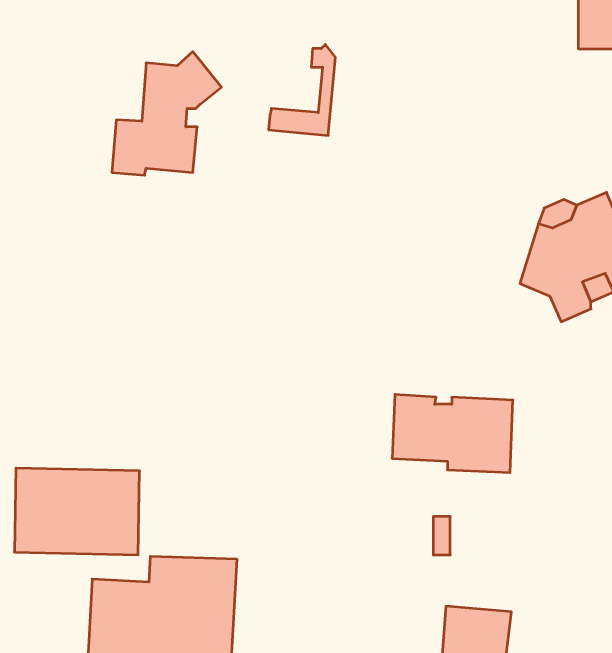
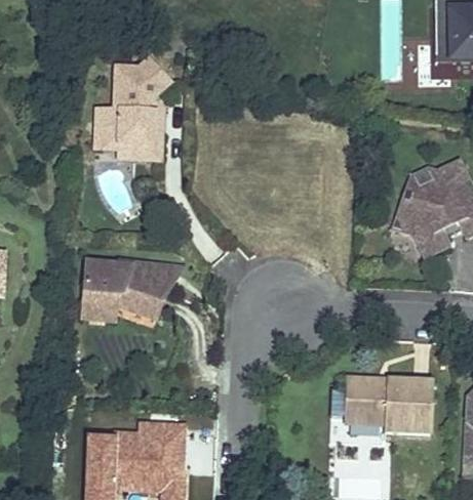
building: [269,44,335,135] -> [121,94,169,160]
building: [392,394,513,473] -> [345,376,432,432]
building: [14,468,140,555] -> [80,258,170,321]

